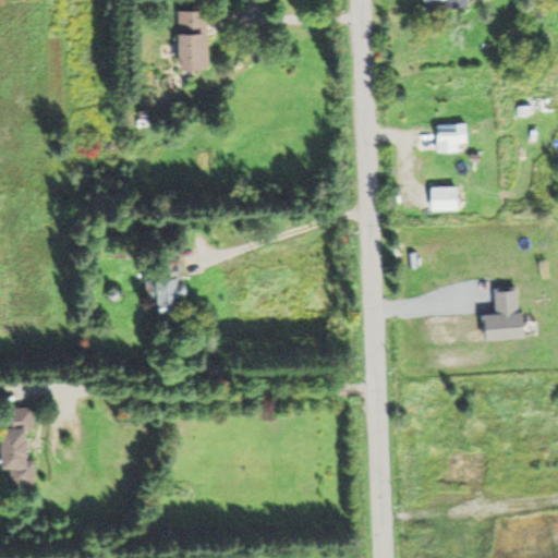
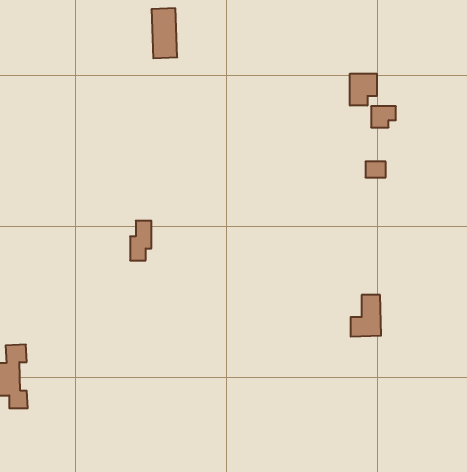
building: none -> [350,74,377,106]
building: [486,291,522,340] -> [351,295,381,337]

